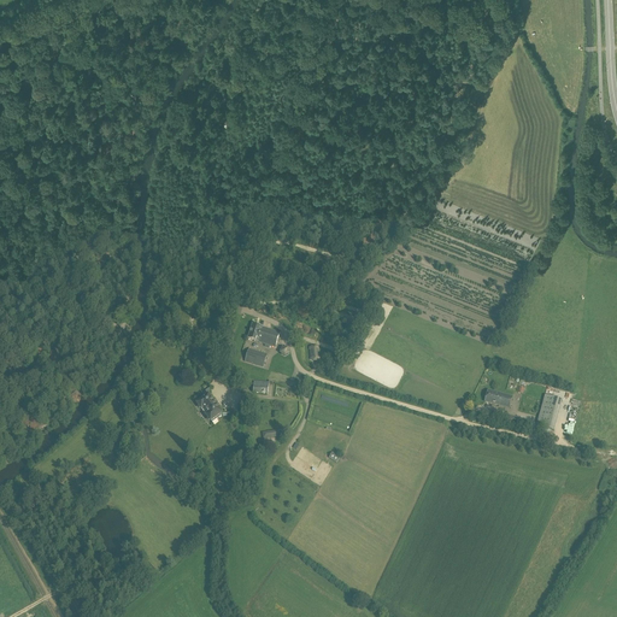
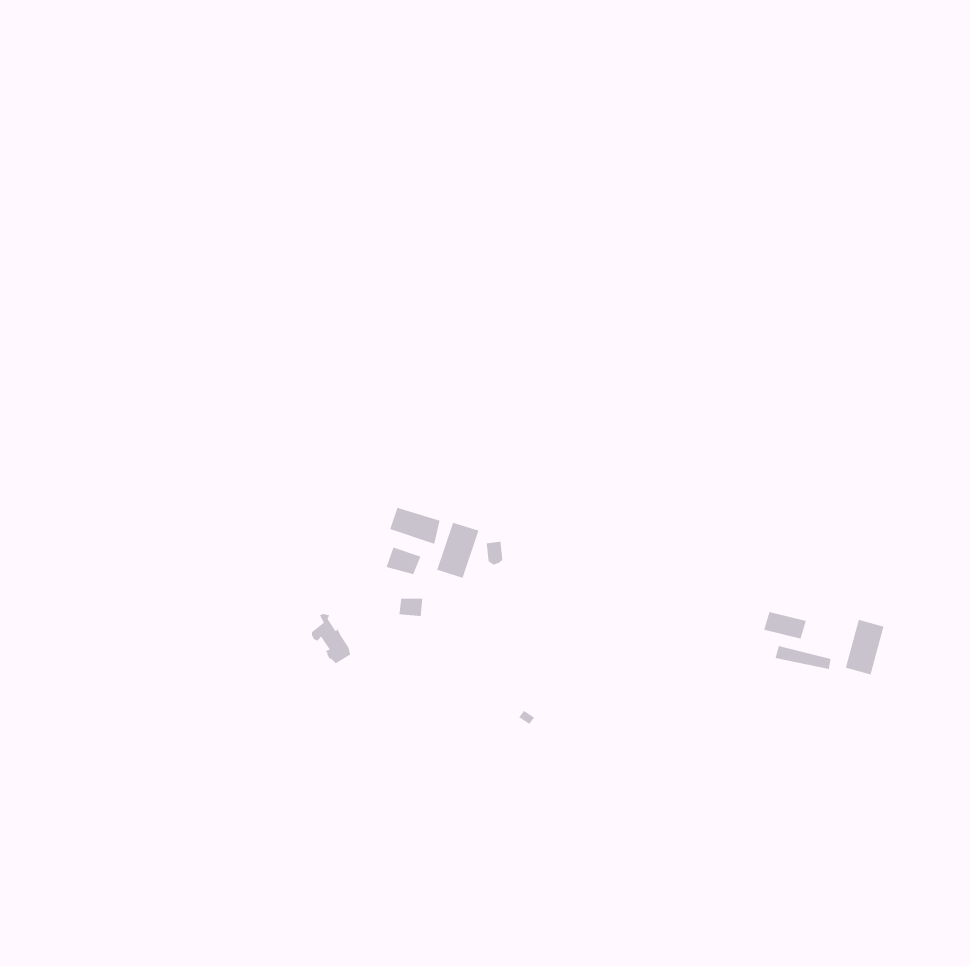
building: none -> [436,522,479,579]

